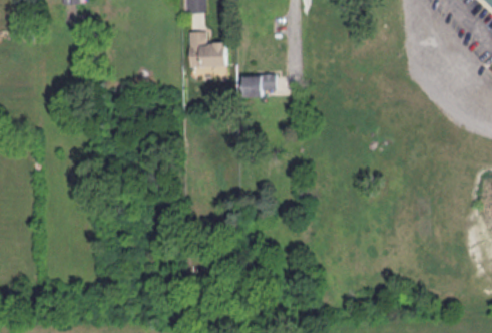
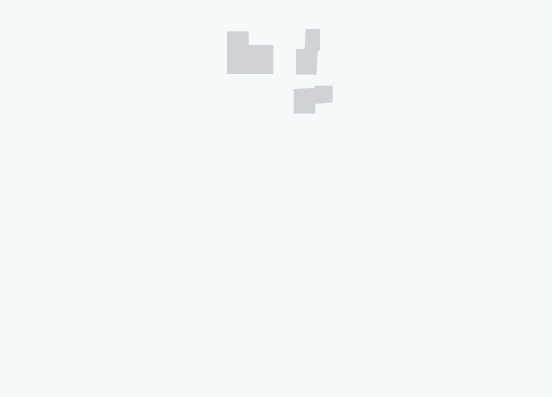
building: none -> [295,28,321,75]

